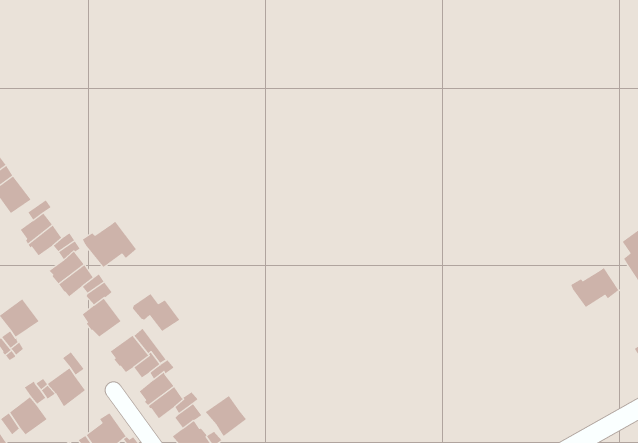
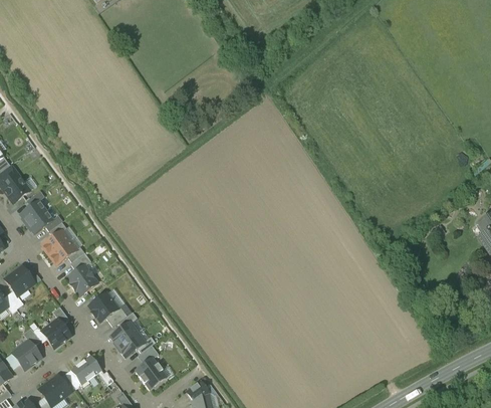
building: [82,221,137,268] -> none
building: [570,267,619,308] -> none
building: [132,293,180,332] -> none
building: [205,395,247,436] -> none

